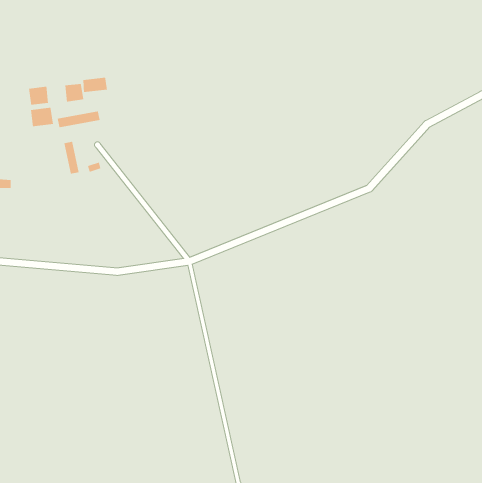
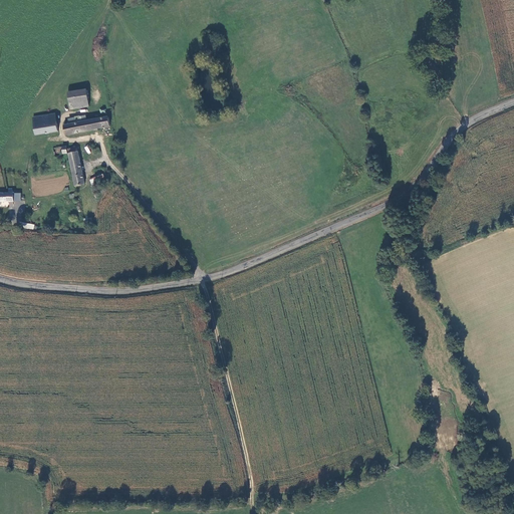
building: [83,77,107,93] -> none
building: [28,86,48,106] -> none

